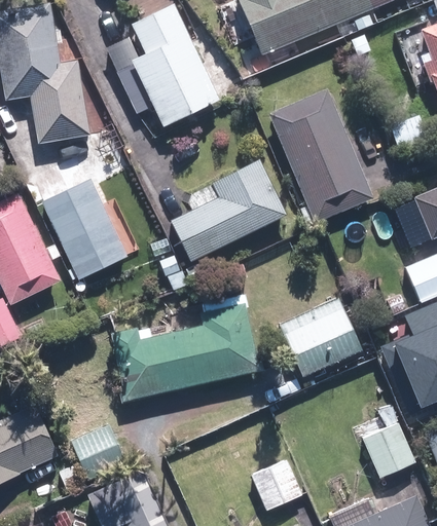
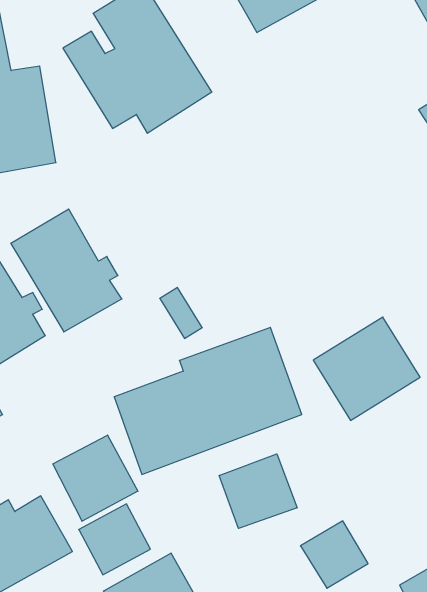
building: [269,86,375,227] -> none
building: [172,159,285,260] -> none
building: none -> [53,435,138,521]
building: none -> [219,454,297,528]

